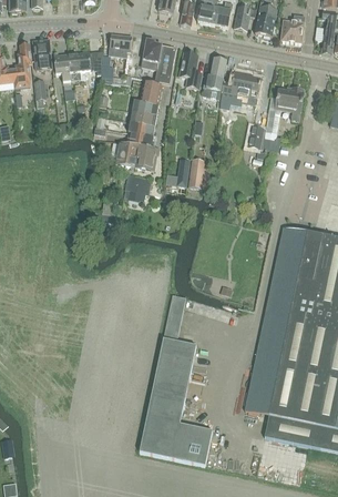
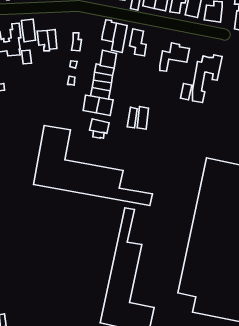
building: [107,33,131,57] -> none
building: [78,50,102,78] -> none
building: [202,58,225,98] -> none
building: none -> [34,125,152,206]

